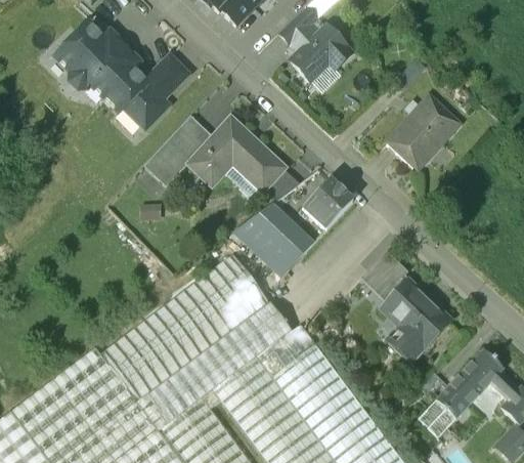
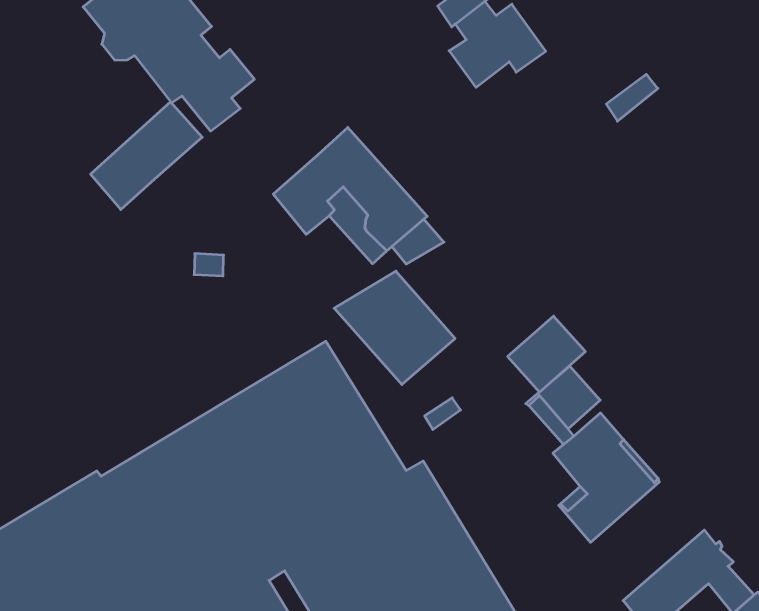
building: [150,58,185,92] -> none
building: [387,96,458,170] -> none
building: [144,116,213,187] -> [91,102,202,210]
building: [303,180,352,229] -> [508,316,585,392]

